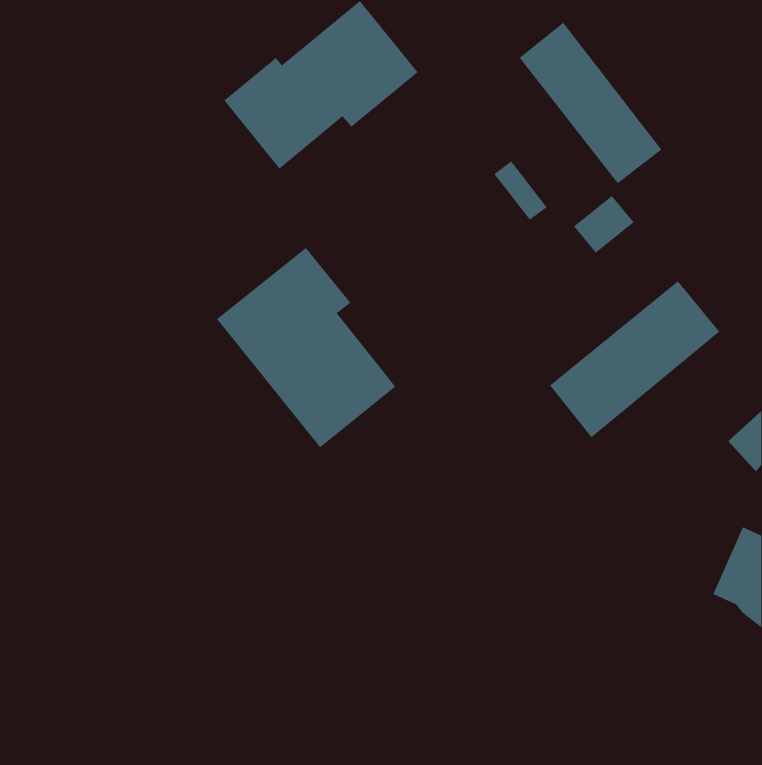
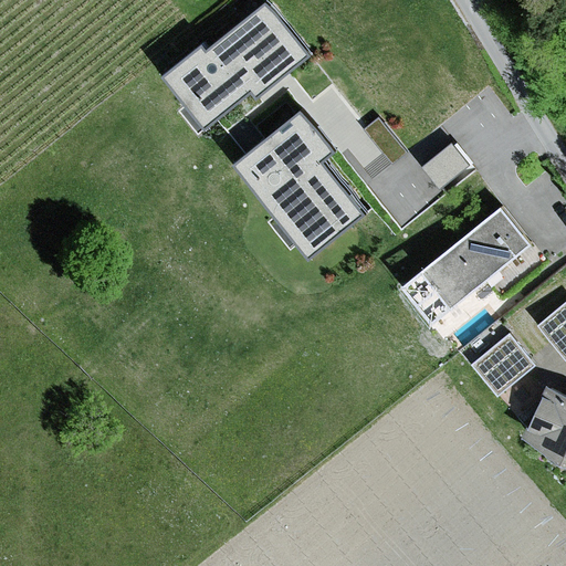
building: [519,22,662,184] -> none
building: [216,247,396,448] -> [234,109,367,258]
building: none -> [470,333,534,396]

